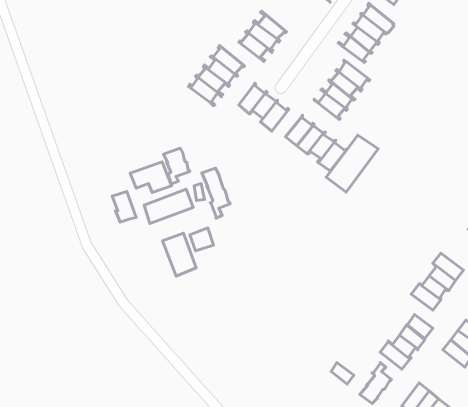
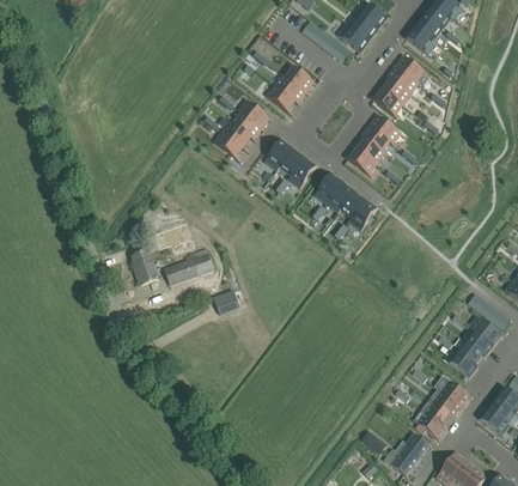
building: [326,135,378,192] -> none
building: [163,148,190,184] -> none
building: [202,168,230,218] -> none
building: [162,233,196,276] -> none

